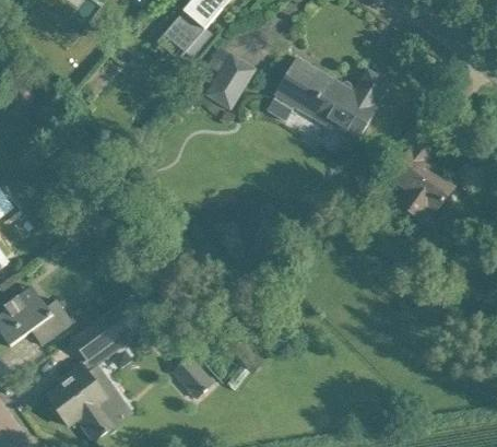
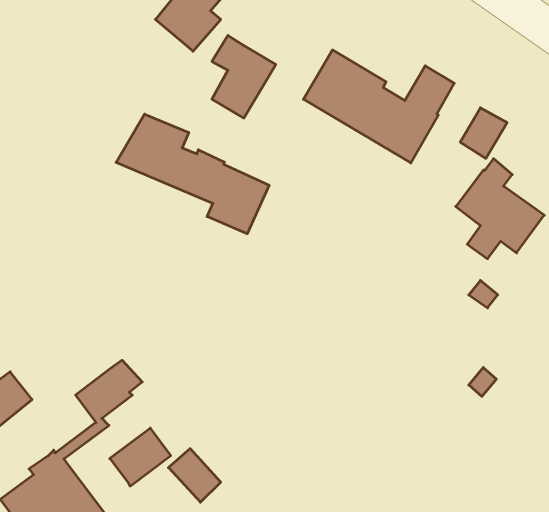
building: none -> [460,108,507,158]
building: none -> [116,114,269,234]
building: [72,318,118,362] -> [110,428,171,486]

